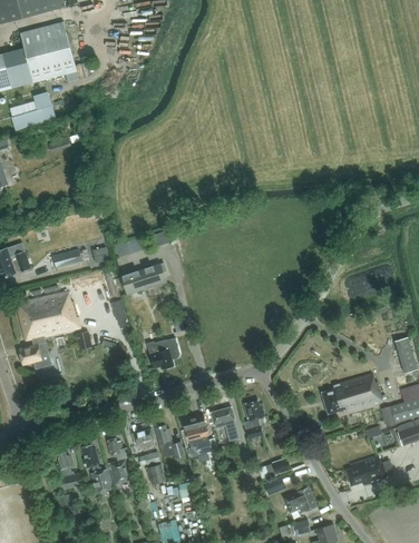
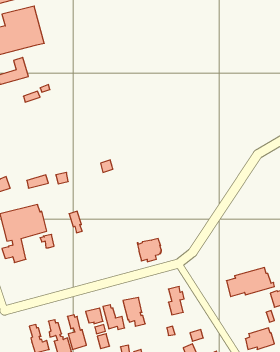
building: [121,263,166,294] -> none
building: [147,337,179,368] -> [137,239,161,262]
building: [211,406,240,441] -> none

